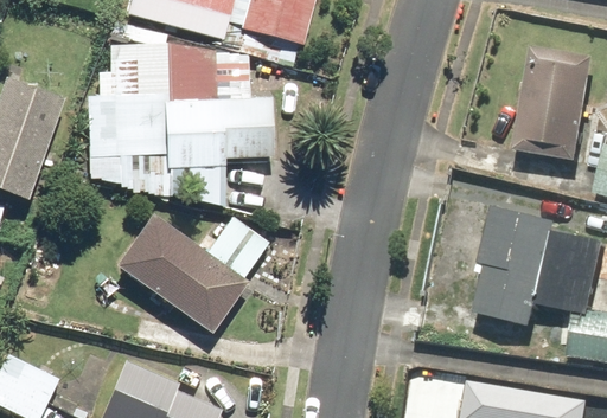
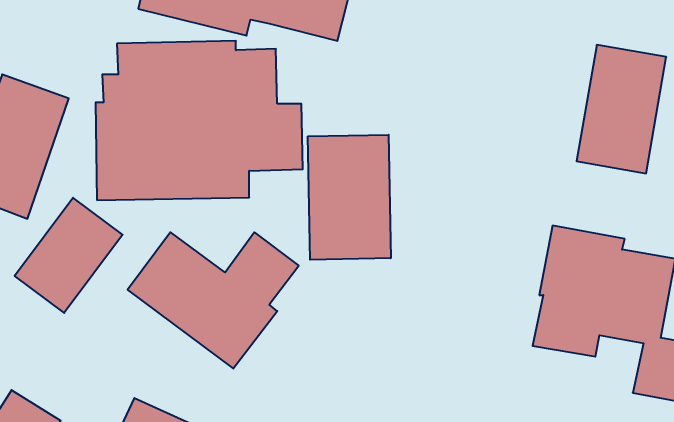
building: none -> [308,135,391,260]
building: none -> [15,198,123,313]

